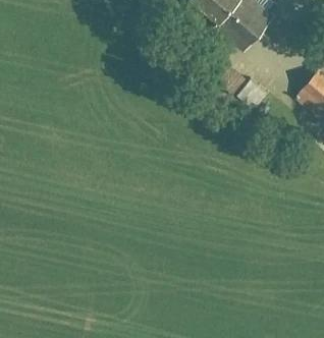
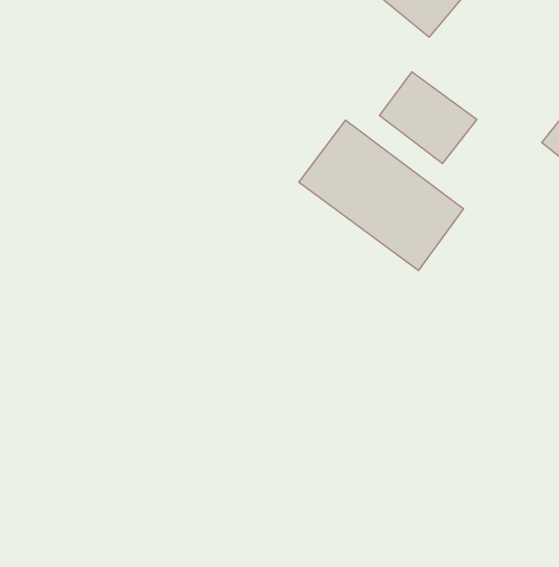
building: none -> [299,120,464,271]

